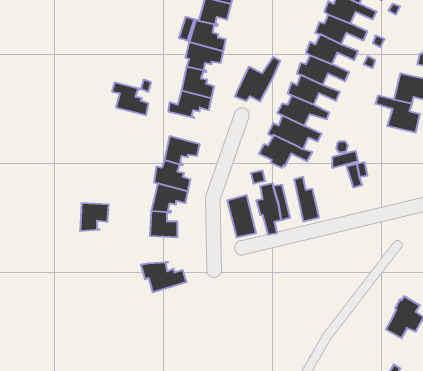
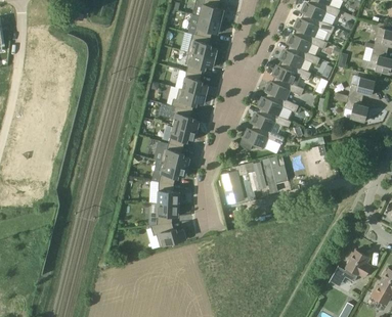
building: [235,57,280,102] -> none
building: [112,83,149,115] -> [169,105,198,131]
building: [80,203,109,231] -> [156,202,178,224]

